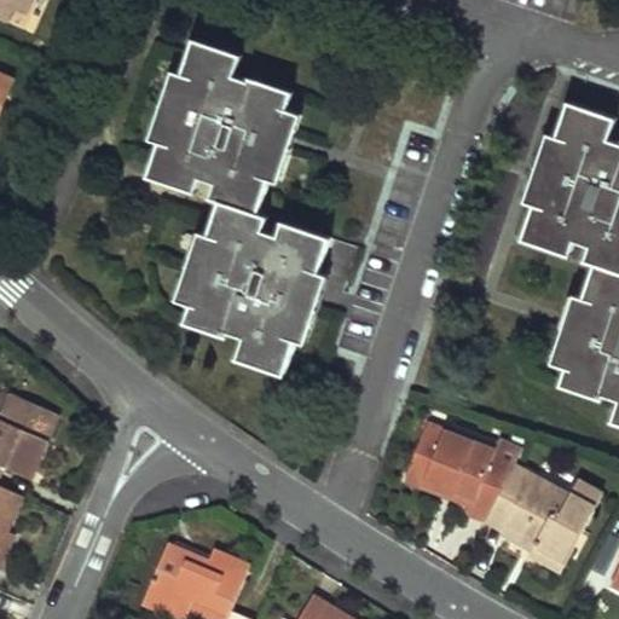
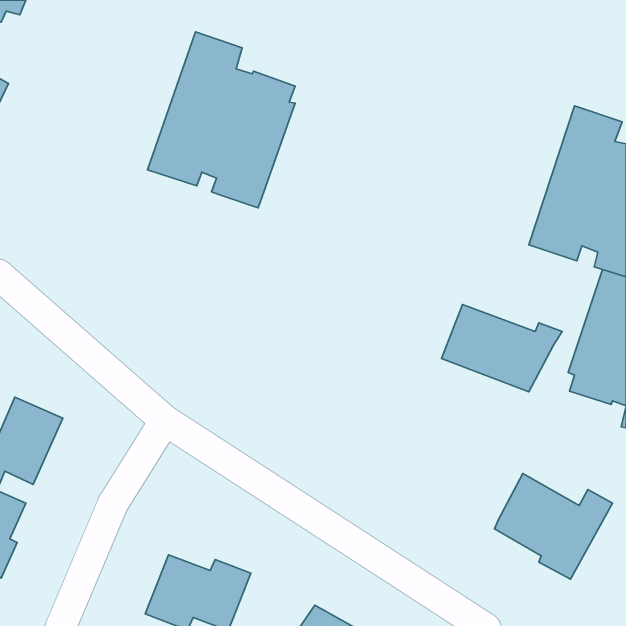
building: [181,195,328,369] -> none
building: [404,428,522,514] -> [442,305,562,392]

